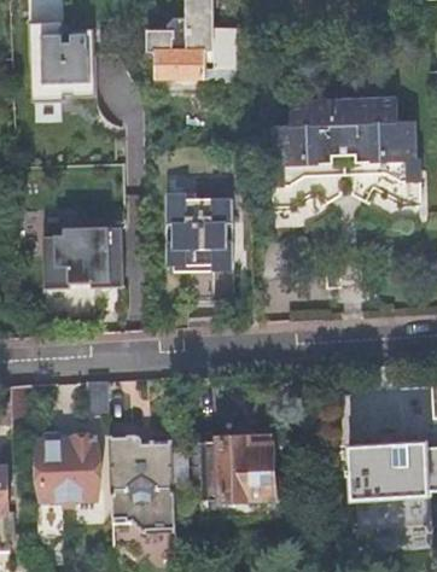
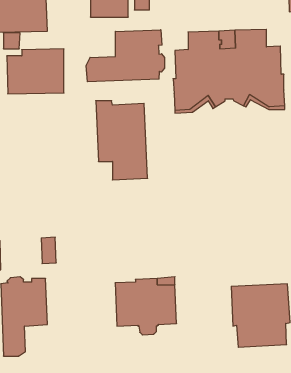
building: none -> [86,30,164,82]
building: [43,224,122,286] -> [7,49,64,94]
building: [110,432,176,529] -> none

